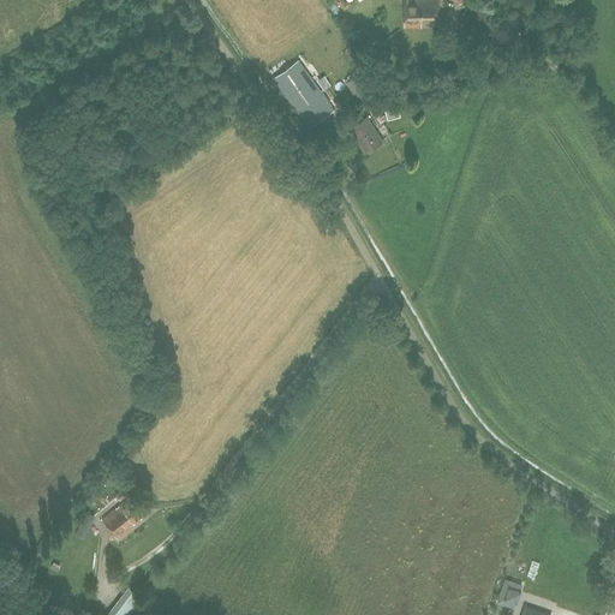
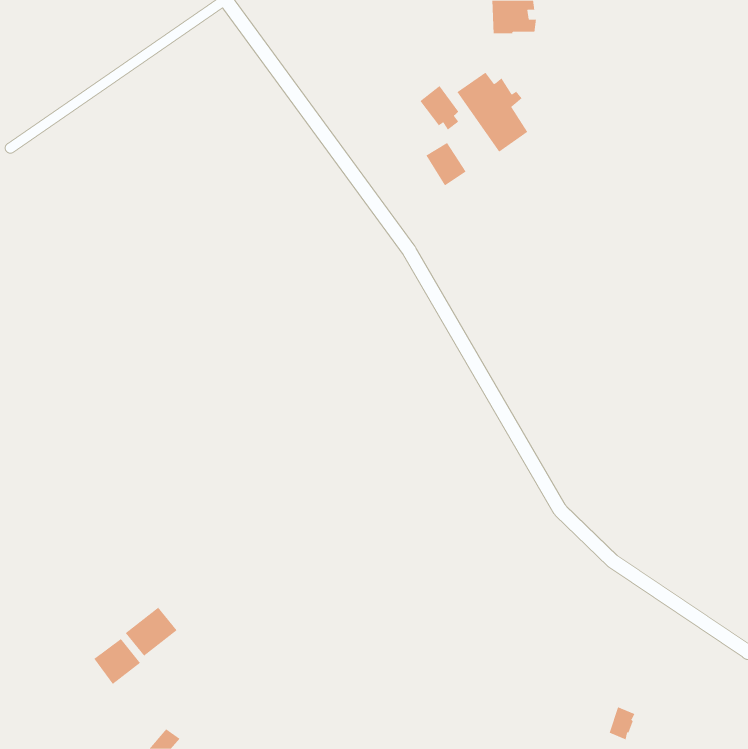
building: [273,61,332,127] -> [456,72,528,152]
building: none -> [93,638,141,685]

